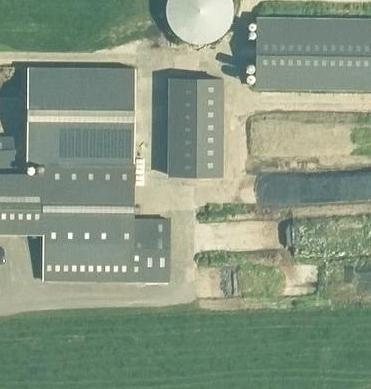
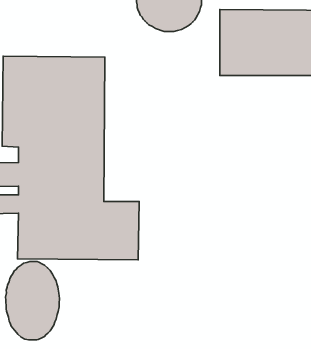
building: [169,79,222,177] -> none
building: none -> [6,261,59,340]

